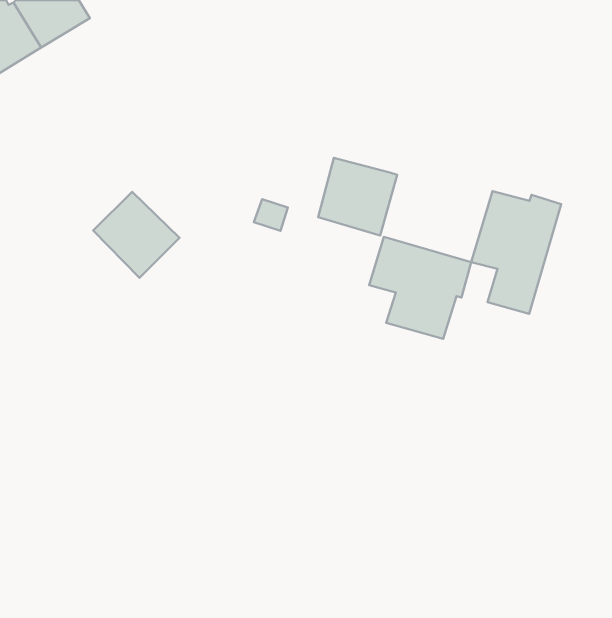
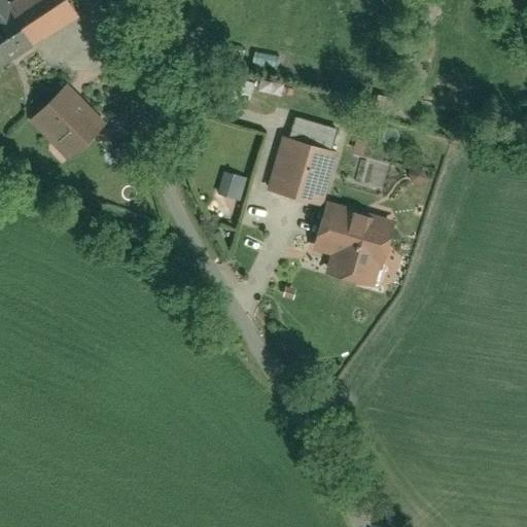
building: none -> [290,117,336,148]
building: [471,191,561,314] -> none
building: [93,192,179,278] -> [31,85,104,159]

